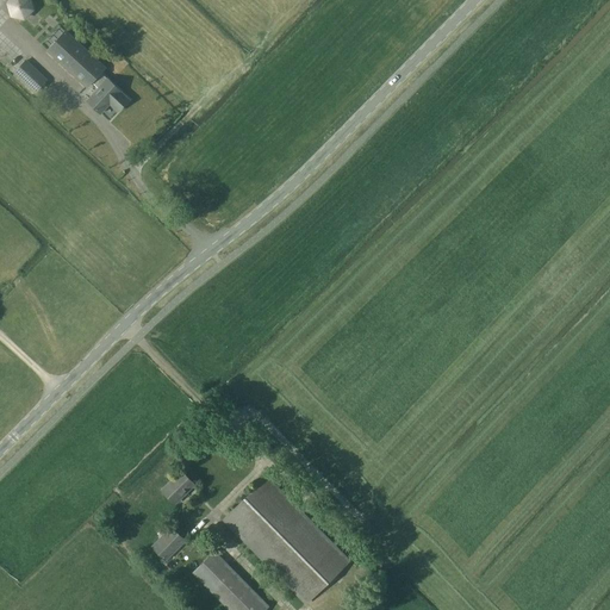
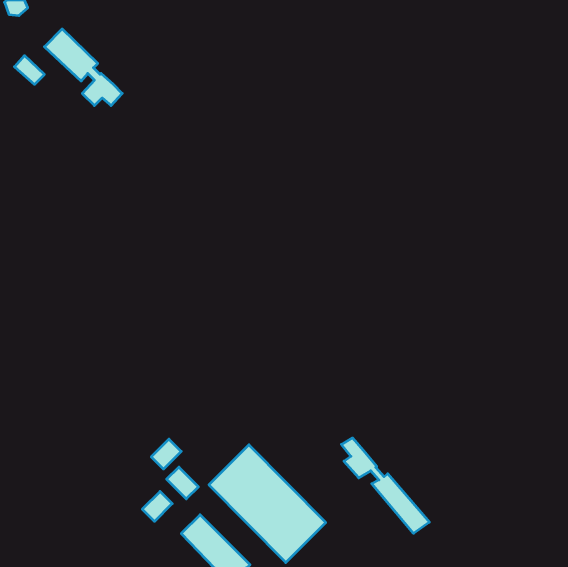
building: none -> [341,438,429,533]
building: none -> [167,467,198,499]

